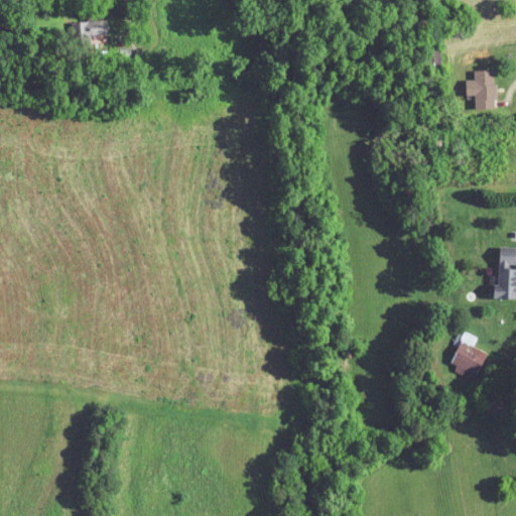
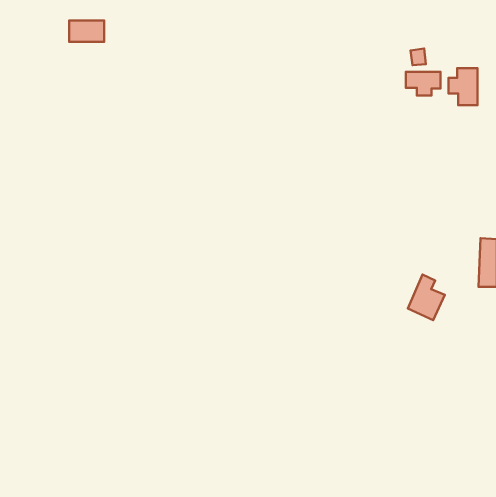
building: none -> [406,72,441,96]
building: [449,333,488,380] -> [408,275,445,320]

